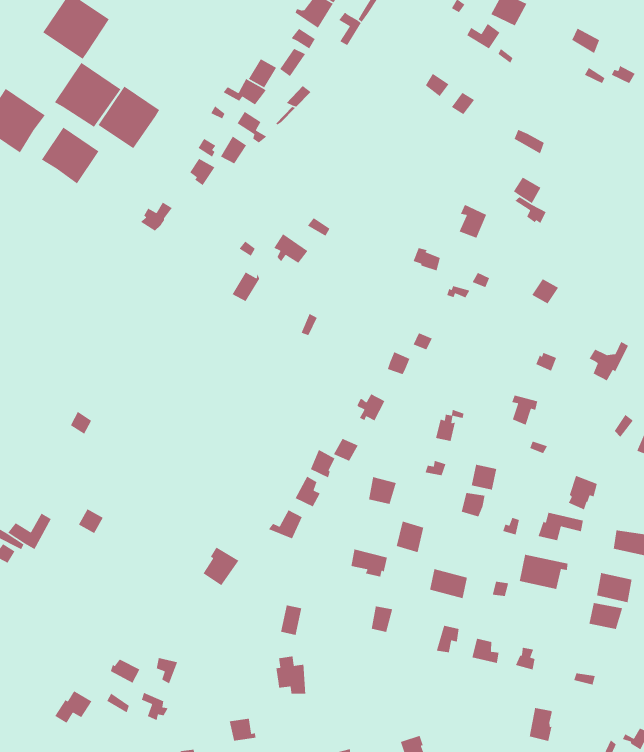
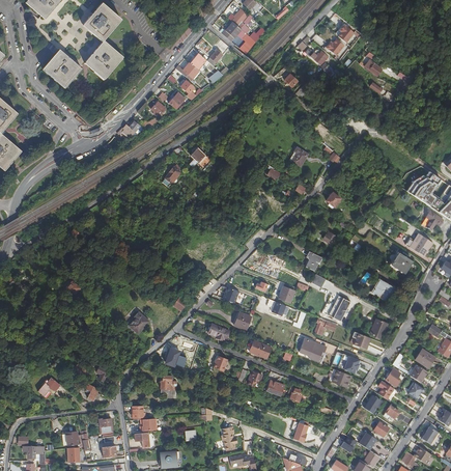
building: [97,86,160,149] -> none
building: [41,127,100,185] -> none

